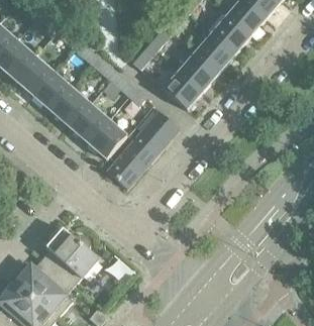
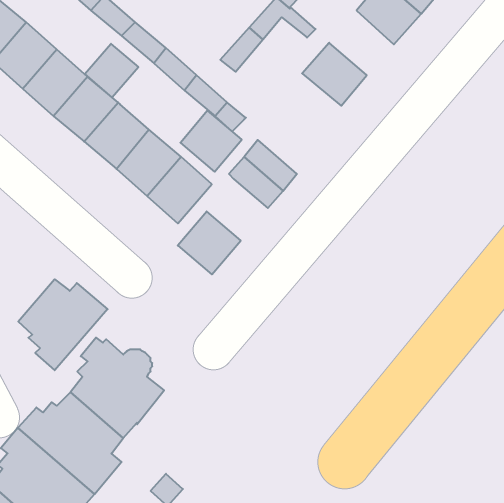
building: [196,32,234,71] -> none
building: none -> [85,44,138,97]
building: [164,70,203,108] -> none
building: [123,132,160,169] -> [180,110,242,172]
building: none -> [18,279,108,370]

